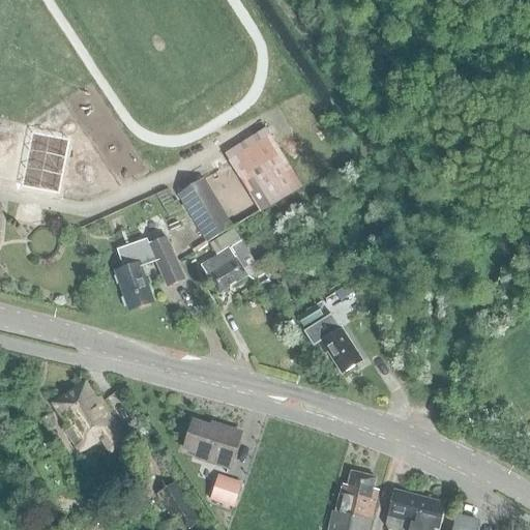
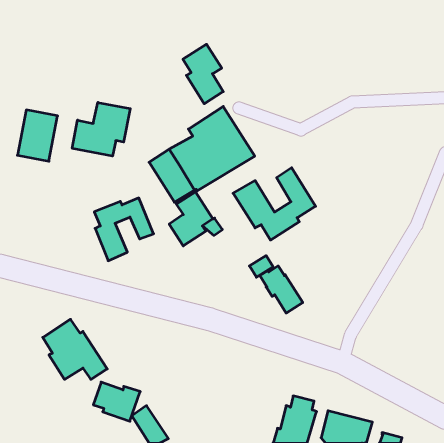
building: none -> [183,44,223,104]
building: none -> [72,102,130,156]
building: none -> [233,168,316,240]
building: [183,418,239,465] -> [93,382,140,421]
building: [211,473,243,506] -> none

